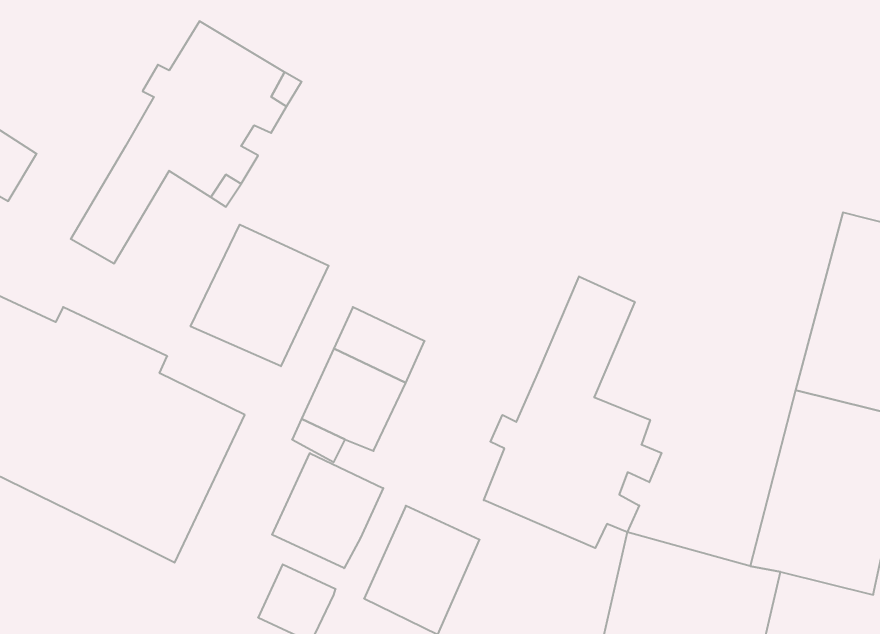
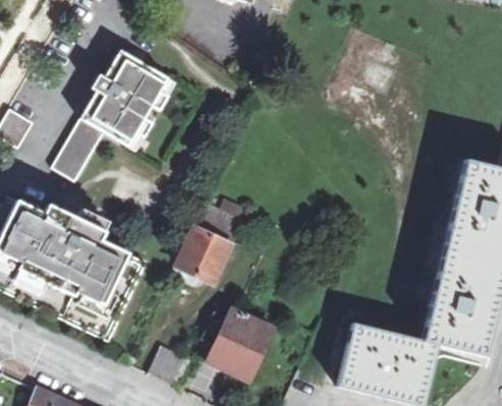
building: [191,225,329,366] -> none
building: [484,276,662,548] -> none
building: [272,453,383,568] -> none

